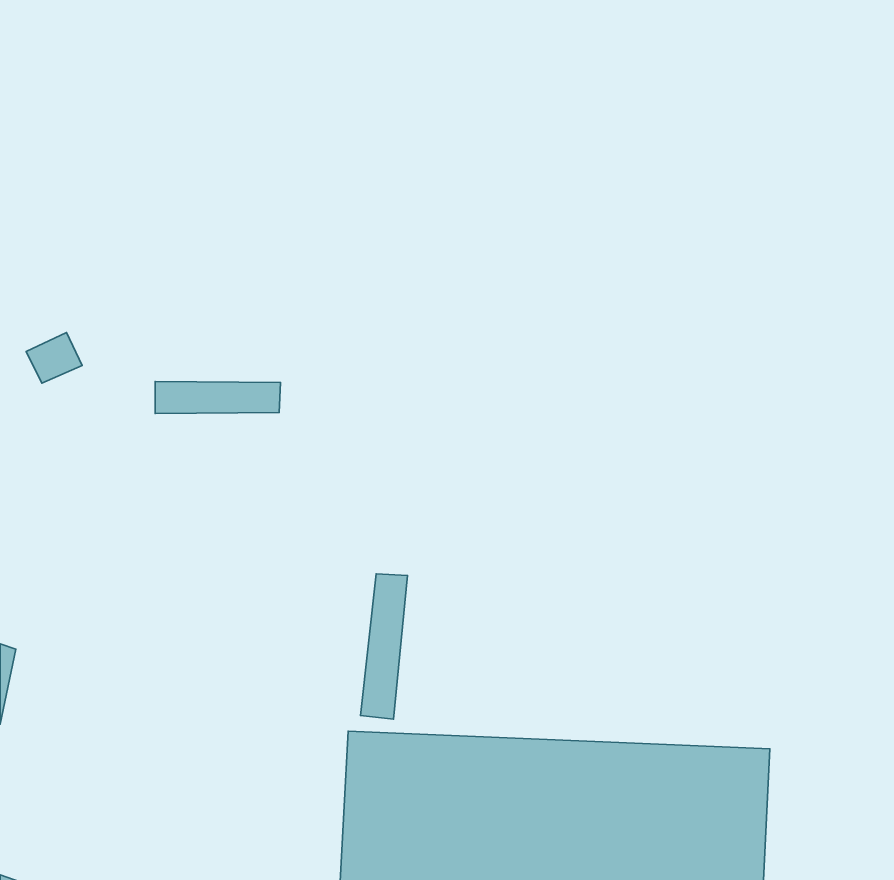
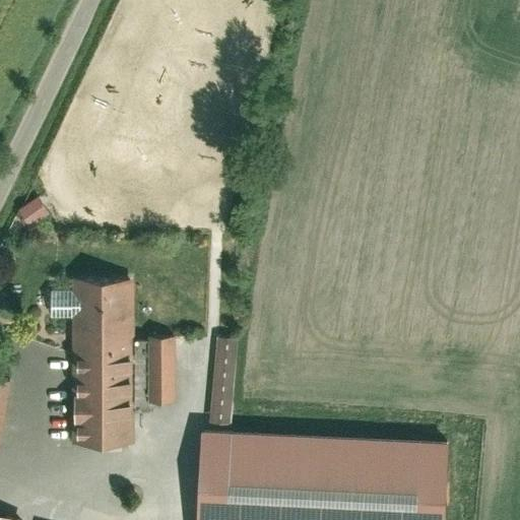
building: [155,381,280,413] -> none
building: none -> [51,279,176,446]

